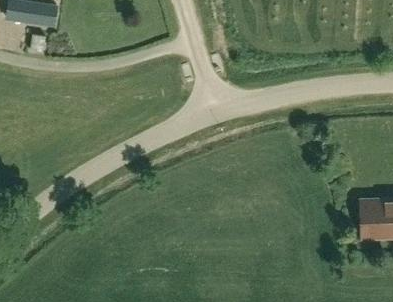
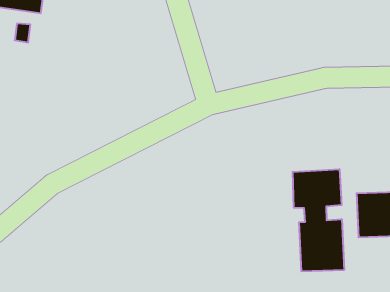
building: none -> [293,169,344,271]

